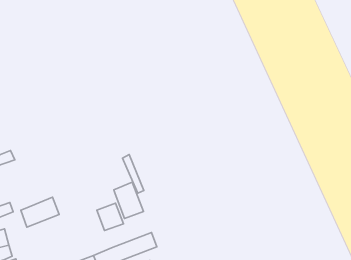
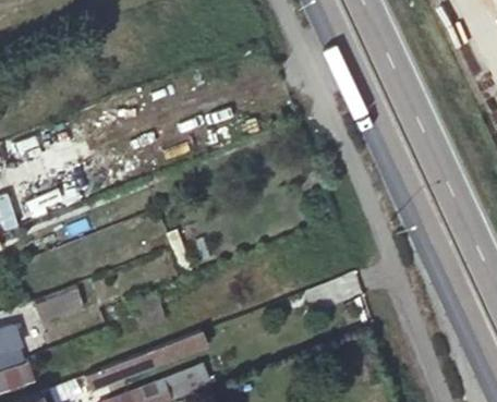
building: [114,182,144,219] -> none

